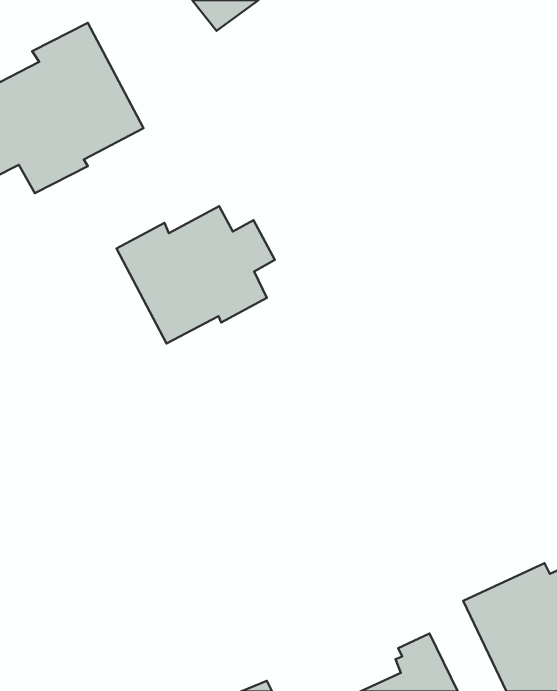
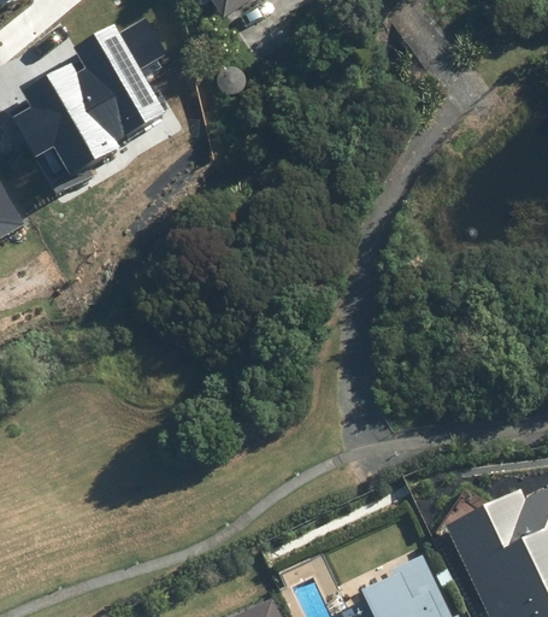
building: [116,206,275,344] -> none

